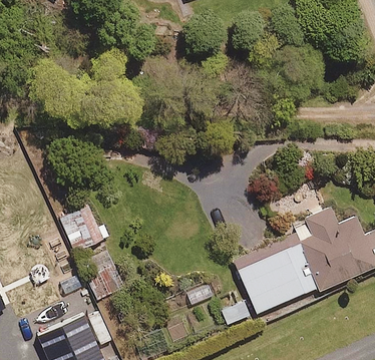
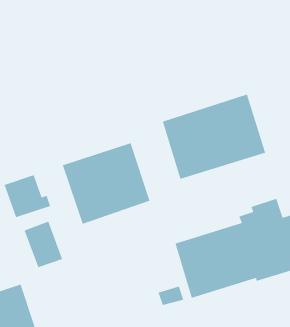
building: none -> [162,94,266,180]
building: none -> [62,142,151,225]

